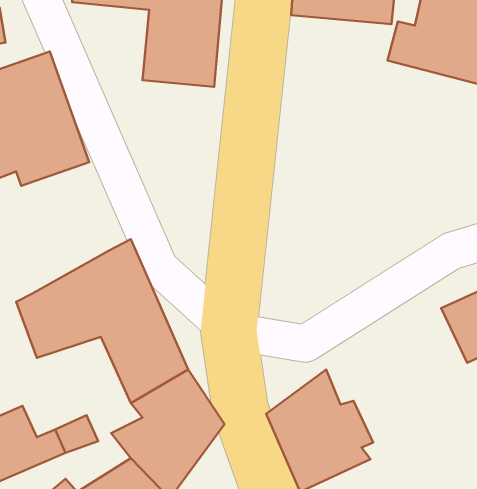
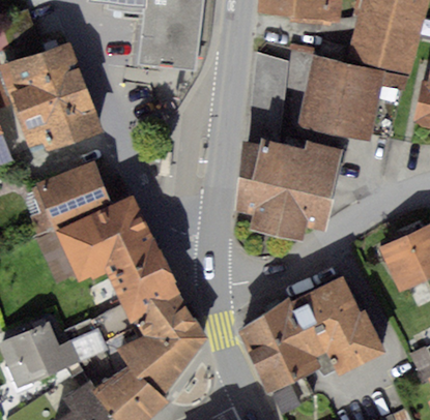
building: none -> [291,52,386,136]
building: none -> [236,137,344,240]
building: none -> [35,163,114,236]
building: none -> [298,274,386,373]

